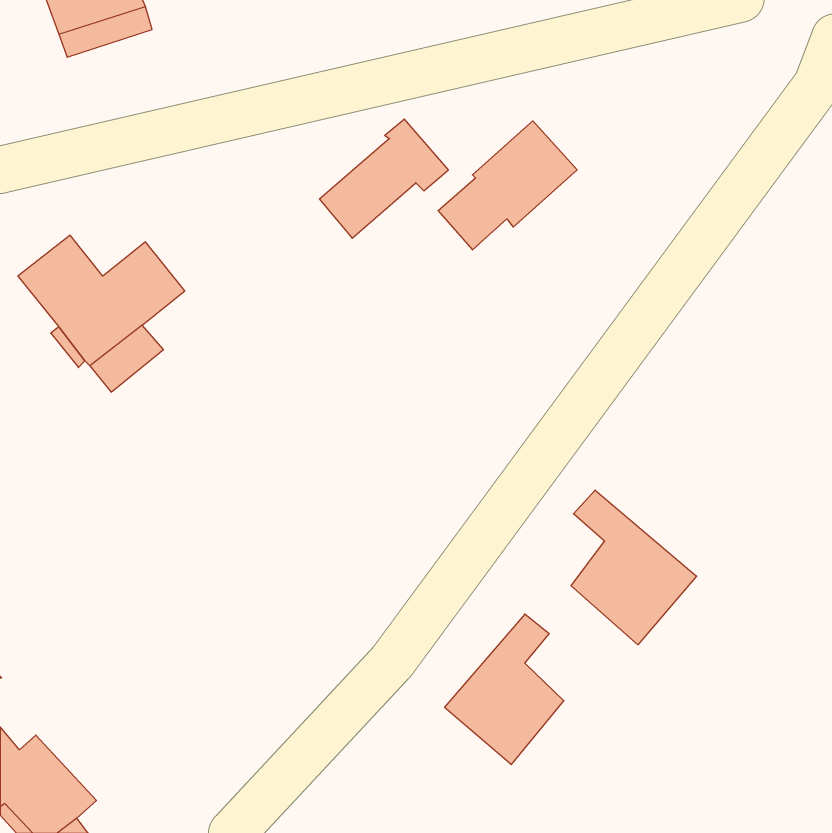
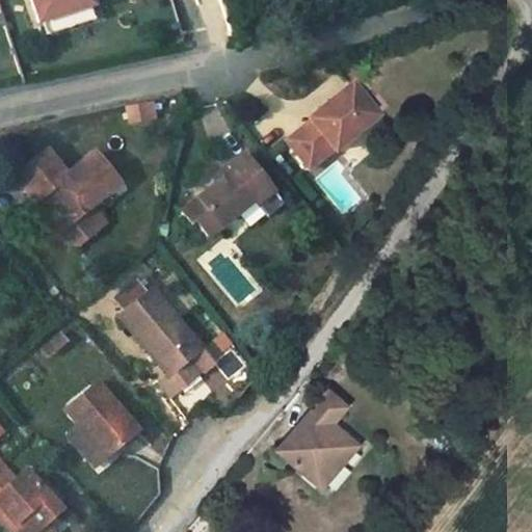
building: [319,119,448,238] -> [188,155,270,231]
building: none -> [119,287,205,417]
building: [571,490,697,645] -> none
building: none -> [65,381,138,456]

